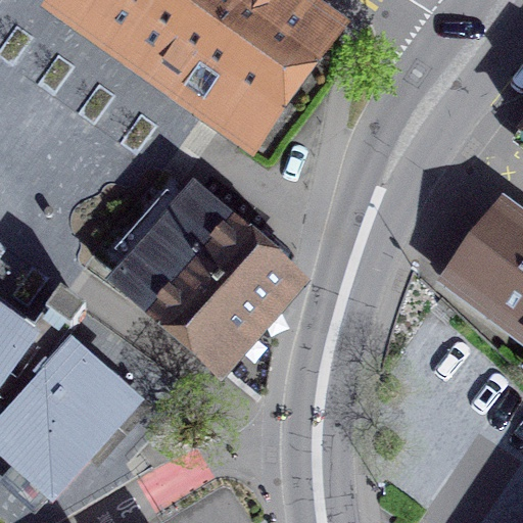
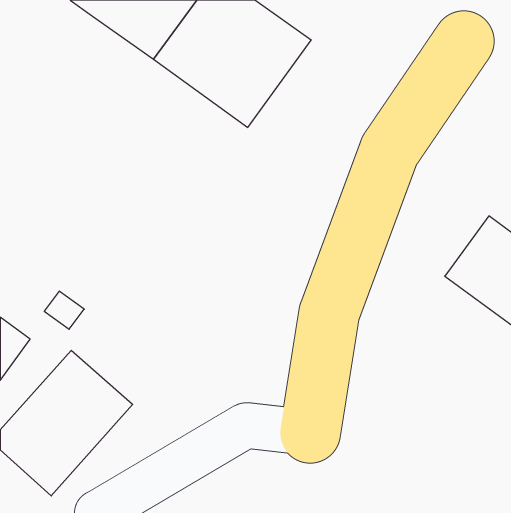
building: [94,174,295,369] -> none

